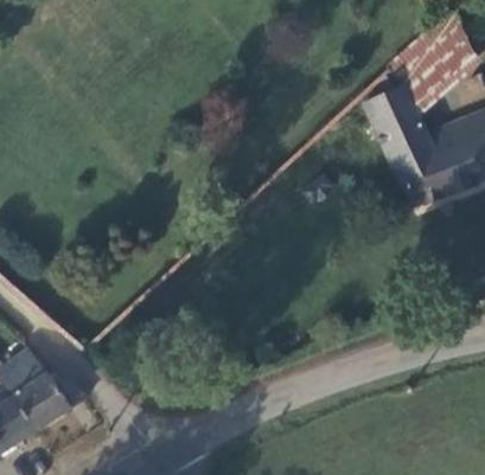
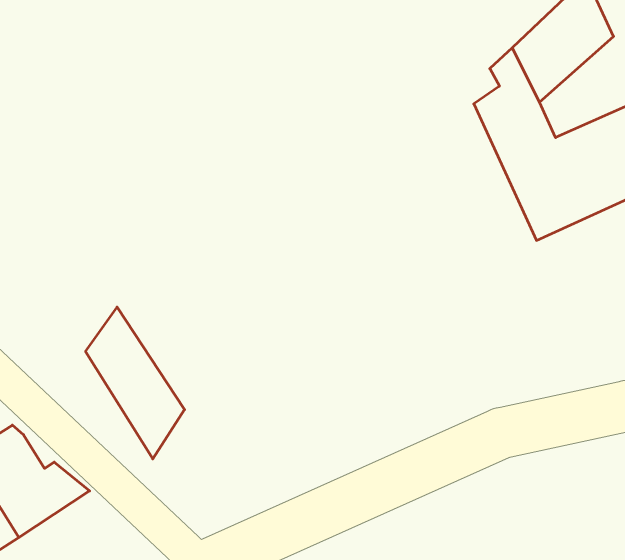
building: none -> [86,307,185,459]

